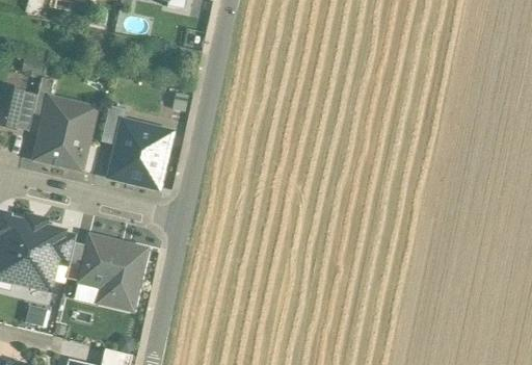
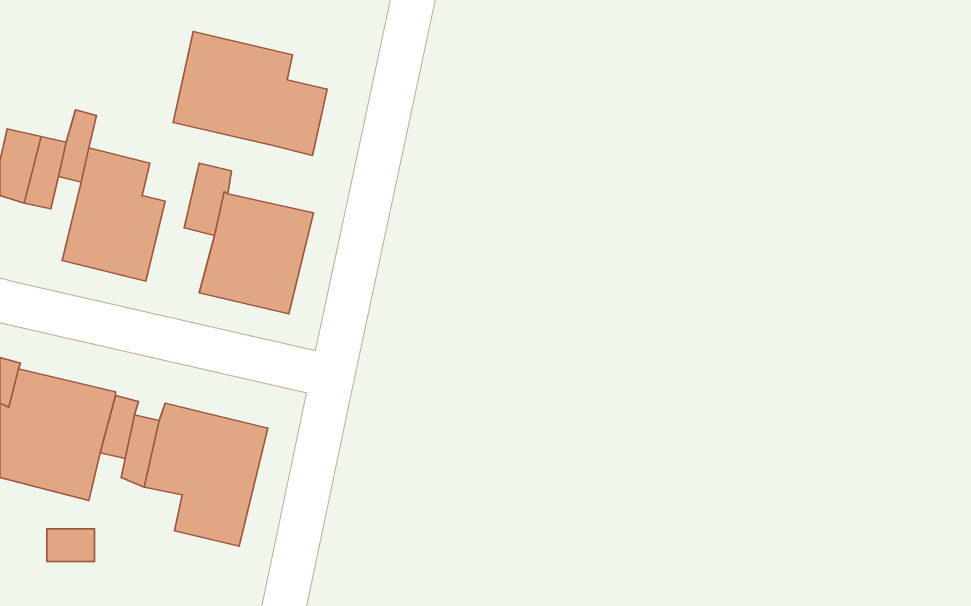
building: none -> [173,31,327,155]

